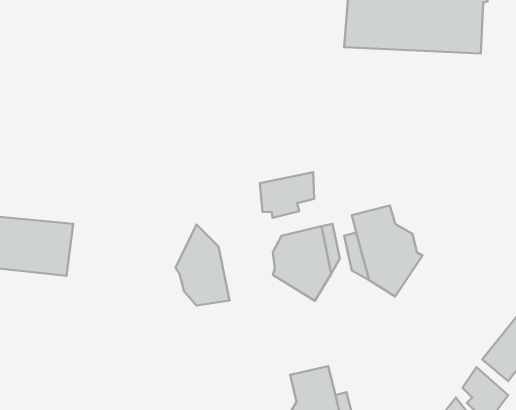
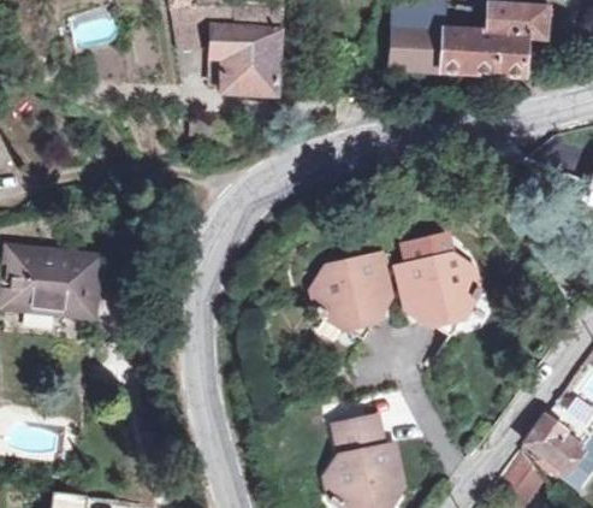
building: none -> [218,20,284,87]
building: [260,172,314,218] -> none
building: [175,224,230,305] -> none

